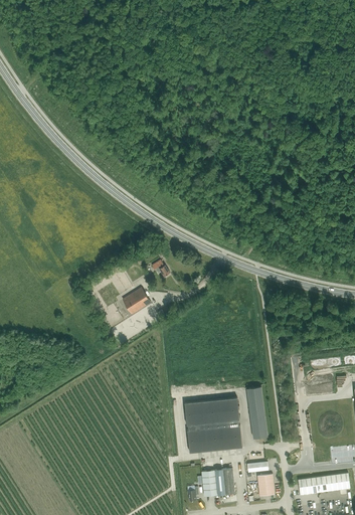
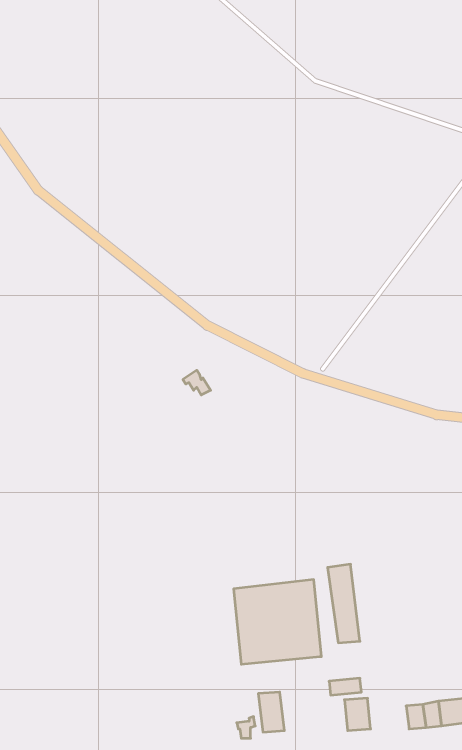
building: [122,288,150,315] -> none
building: [214,469,234,496] -> none

